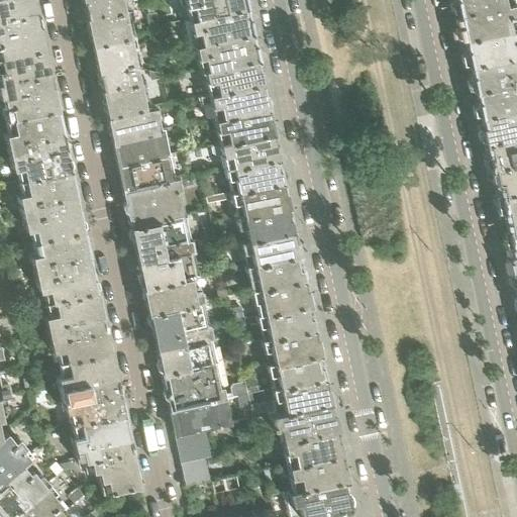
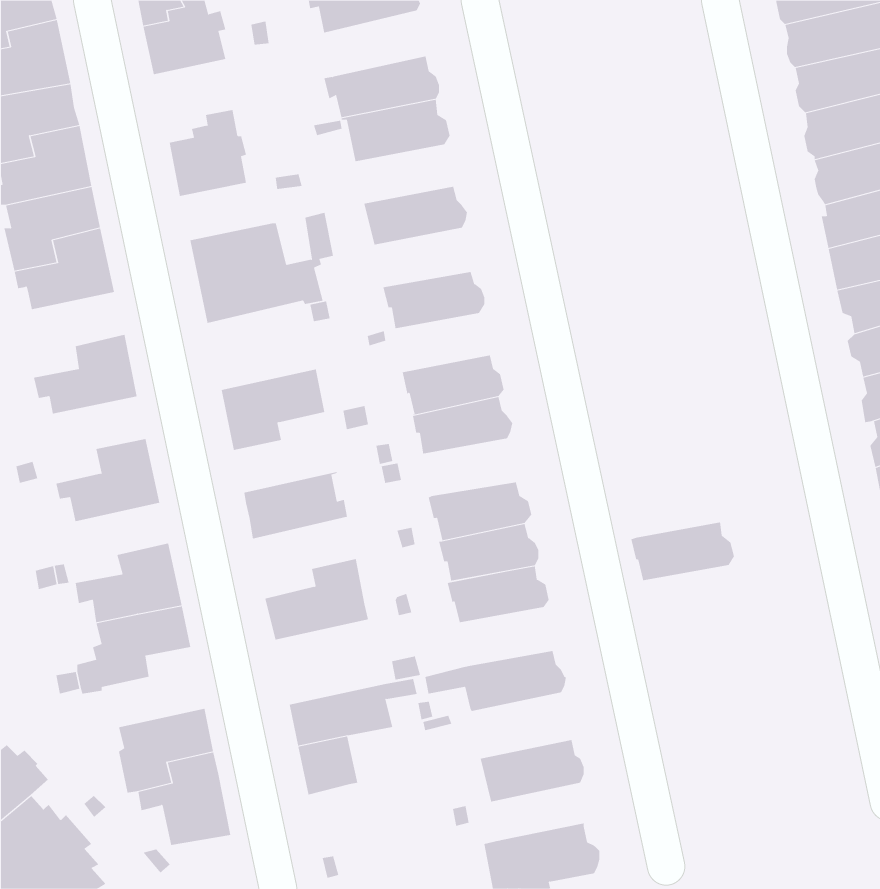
building: [188,6,255,44] -> none
building: [94,34,145,83] -> none
building: [204,84,271,118] -> none
building: [109,104,164,139] -> none
building: [214,132,283,167] -> none
building: [18,170,78,219] -> none
building: [125,175,189,226] -> none
building: [233,182,293,216] -> none
building: [31,230,90,281] -> none
building: [140,239,201,286] -> none
building: [248,254,308,288] -> none
building: [43,292,103,338] -> none
building: [151,300,212,347] -> none
building: [269,352,329,387] -> [630,522,735,581]
building: [165,359,228,409] -> none
building: [65,376,124,422] -> none
building: [272,402,339,440] -> none
building: [290,454,350,488] -> none
building: [184,455,213,486] -> none

